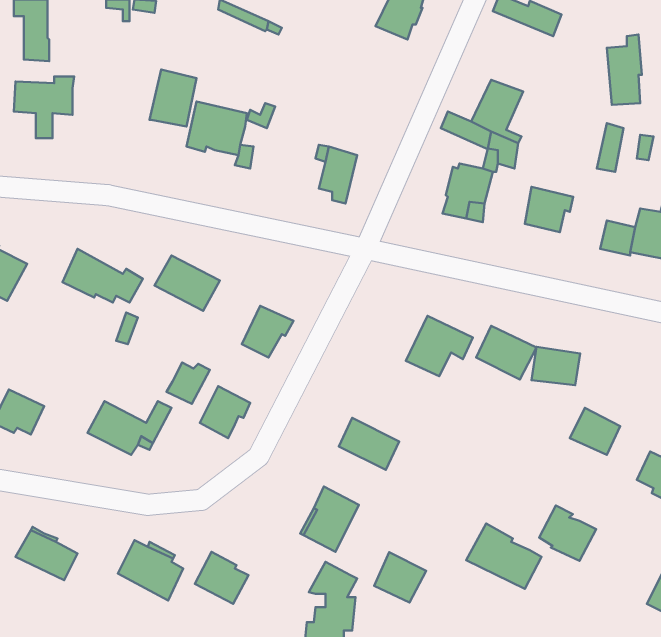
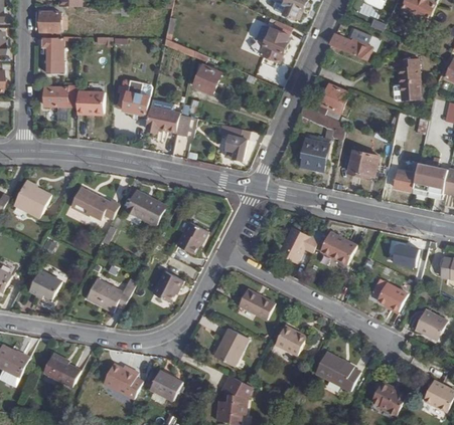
building: none -> [193,65,219,93]
building: none -> [75,90,102,113]
building: [532,347,580,385] -> [393,244,422,267]
building: [167,363,210,404] -> none
building: [539,506,596,561] -> [369,381,404,414]
building: [374,552,426,603] -> [274,325,305,355]

